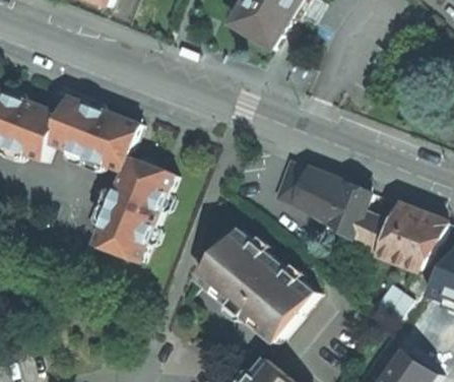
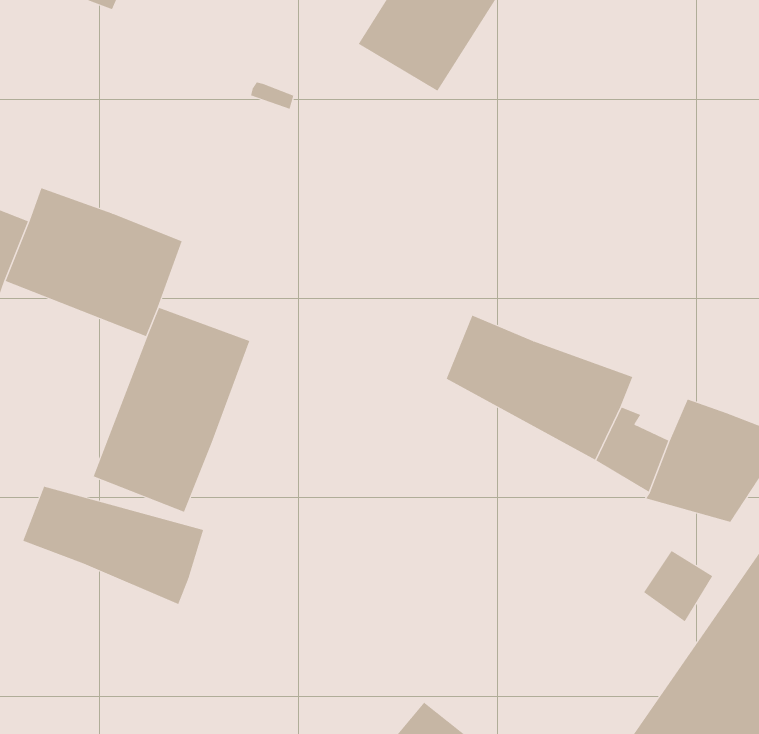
building: [202,230,315,336] -> none
building: none -> [22,486,204,605]

